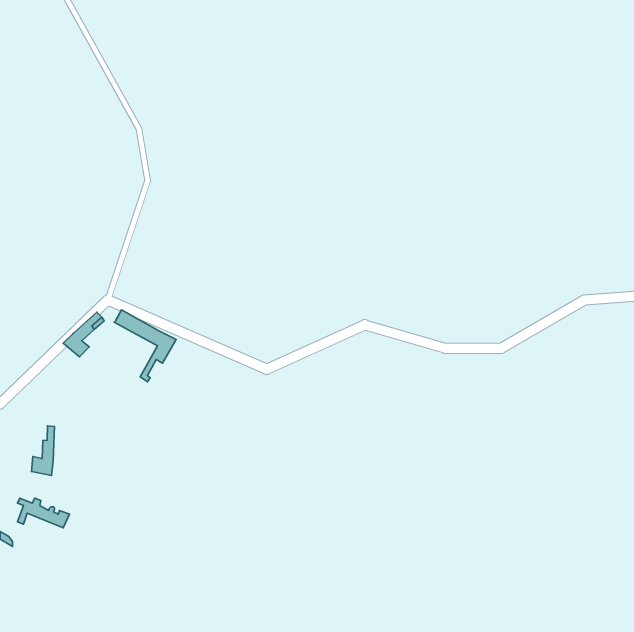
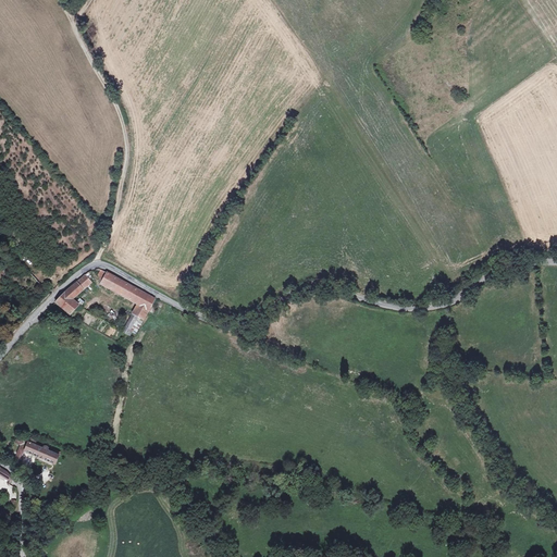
building: [31,426,54,475] -> none

